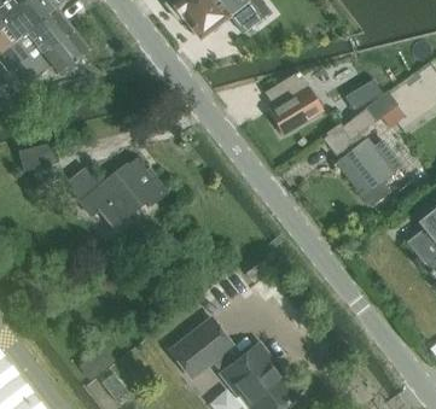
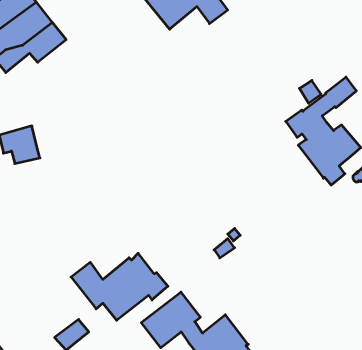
building: [264,71,321,133] -> none
building: [64,157,167,228] -> [71,253,168,320]

